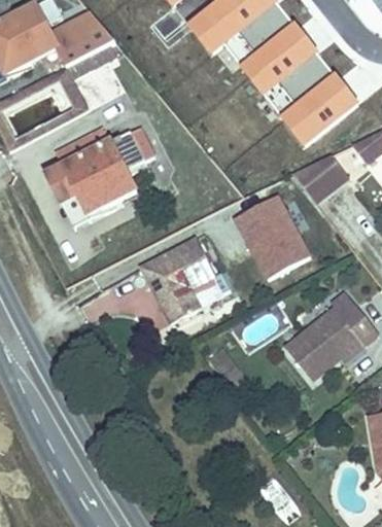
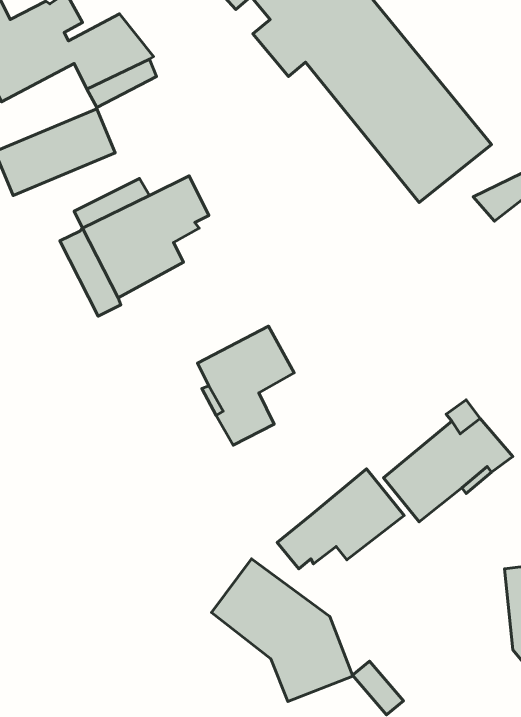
building: [288,153,344,201] -> none
building: [233,195,313,282] -> none
building: none -> [277,469,404,569]
building: none -> [211,559,353,702]

